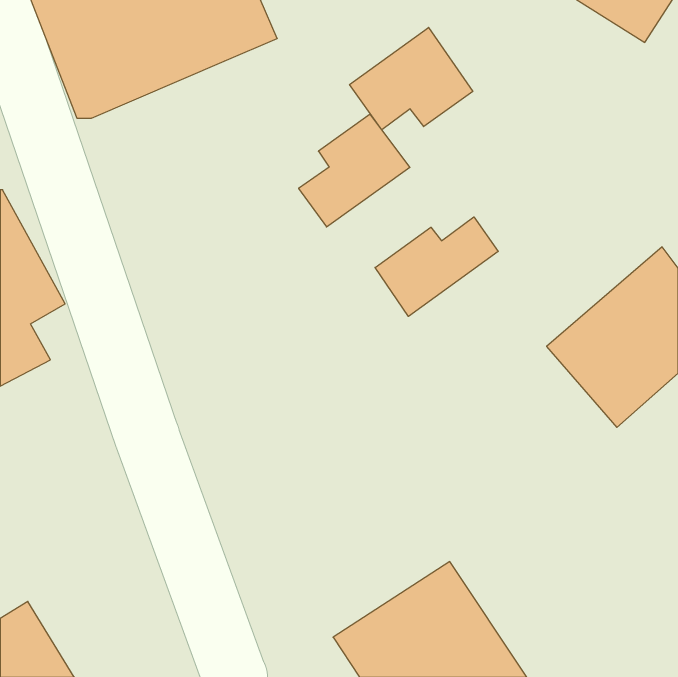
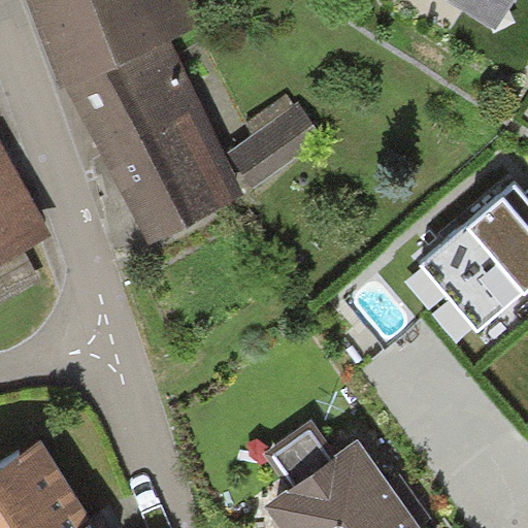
building: [350,27,473,130] -> none
building: none -> [71,47,243,251]
building: [375,217,498,316] -> none

